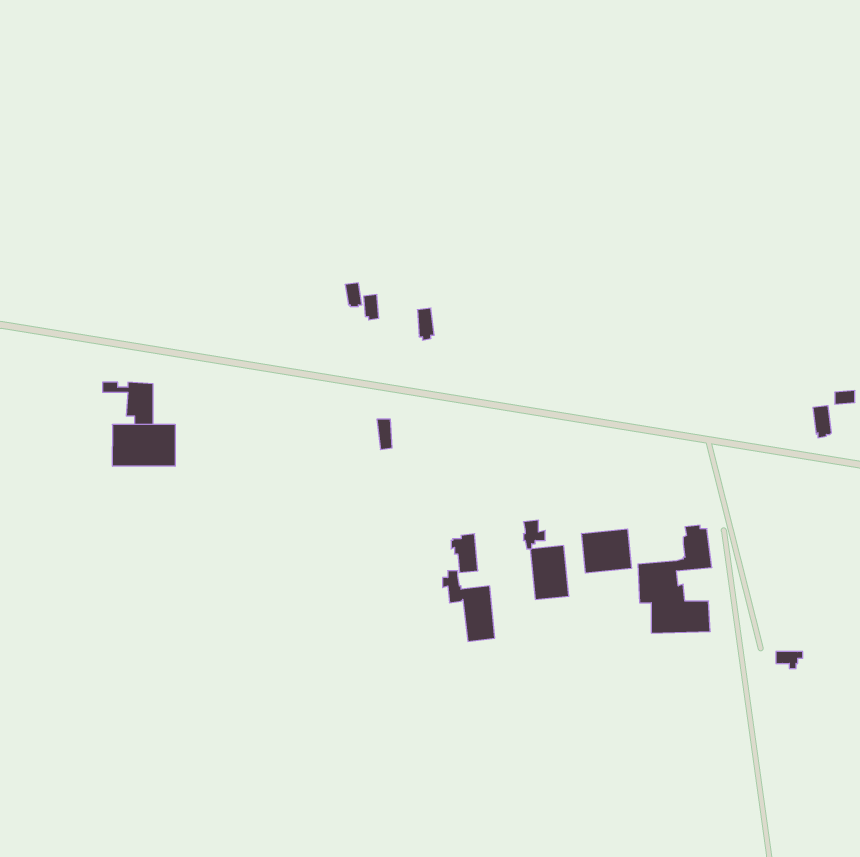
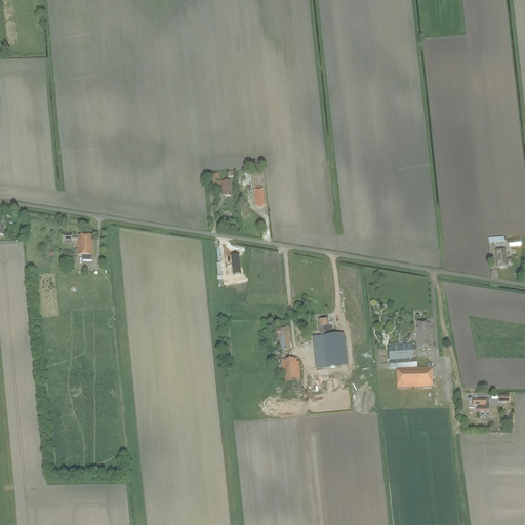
building: [113,424,175,466] -> none
building: [582,529,631,573] -> none

